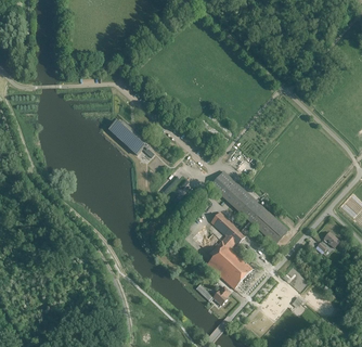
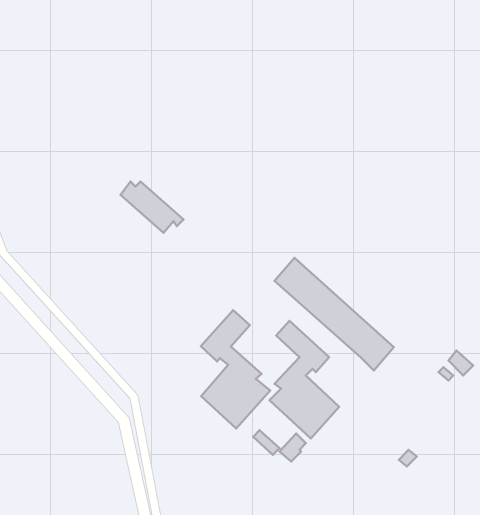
building: none -> [201,310,270,428]

